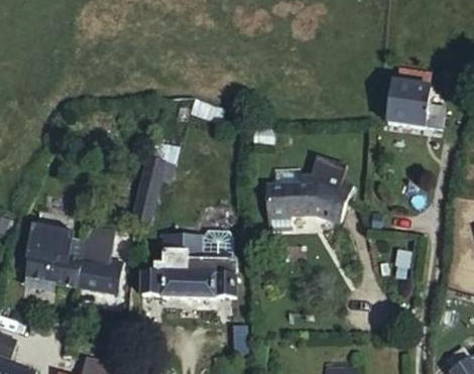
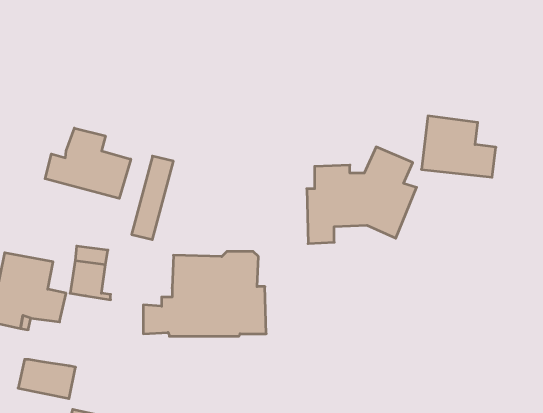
building: [386,82,444,129] -> [421,116,496,177]
building: none -> [45,128,131,198]
building: [77,265,121,295] -> [18,359,76,399]

